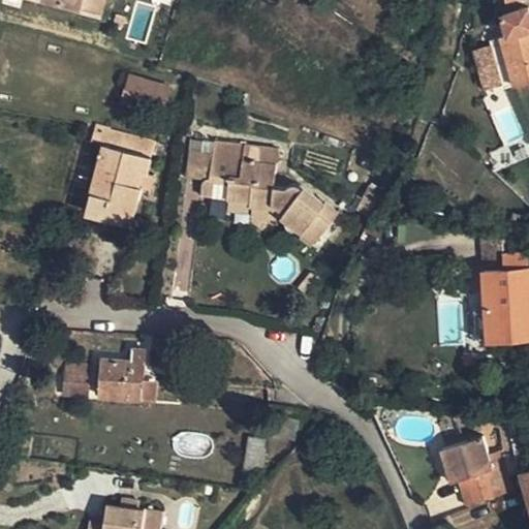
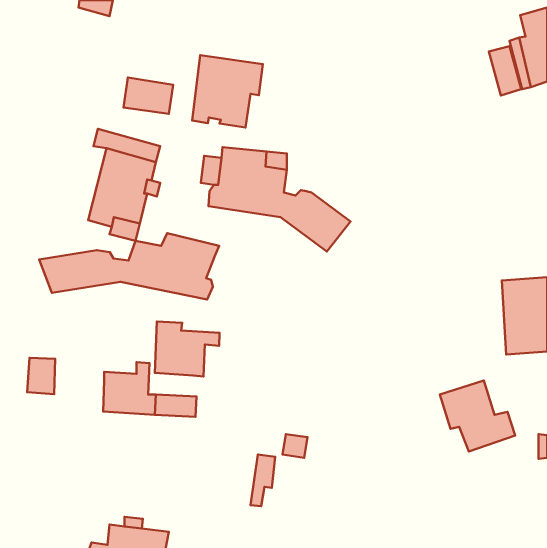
building: none -> [192,55,263,127]
building: none -> [39,233,219,299]
building: none -> [155,322,219,377]
building: [61,364,88,399] -> [27,358,55,394]
building: [439,436,511,504] -> [440,381,515,451]

